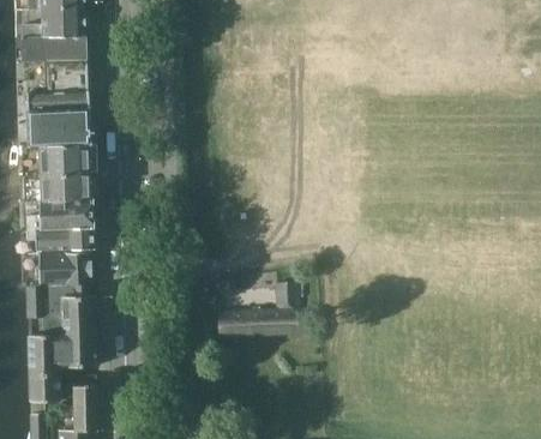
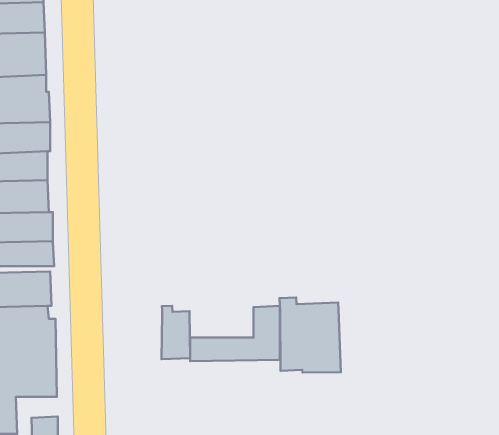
building: none -> [279,298,341,373]
building: none -> [162,306,190,359]

